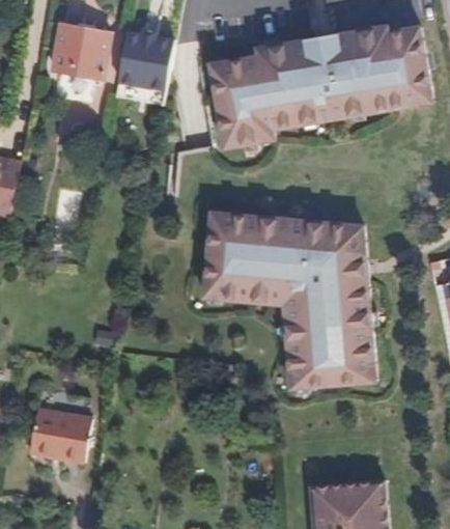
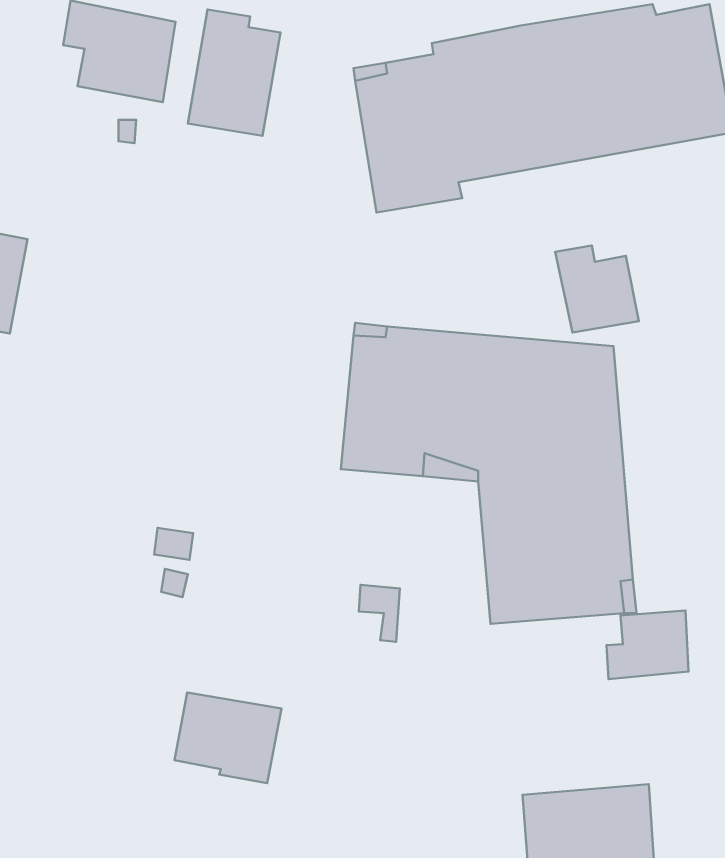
building: none -> [555,246,639,332]
building: none -> [607,610,688,679]
building: [30,412,92,465] -> [175,692,281,783]

